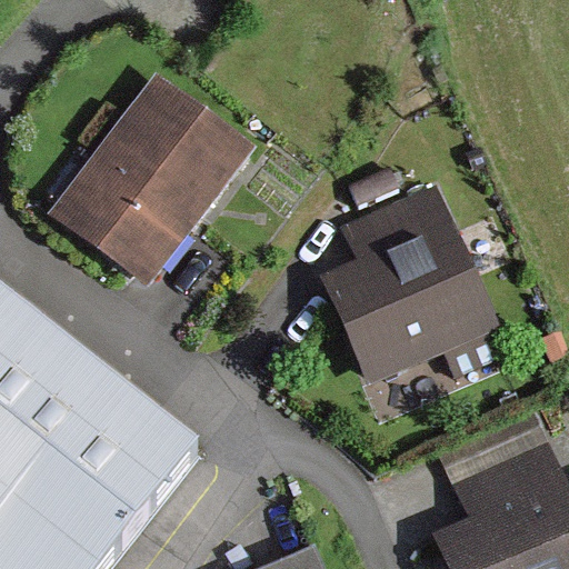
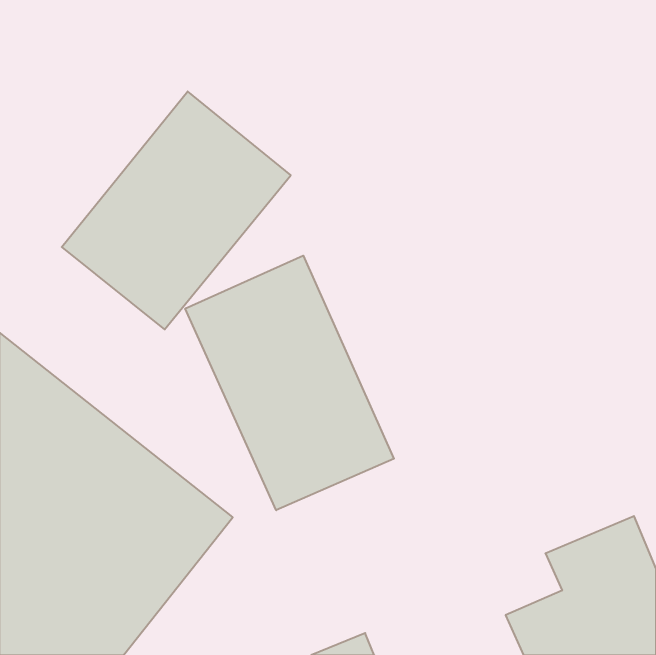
building: [325,186,500,382] -> none
building: none -> [185,256,394,510]

